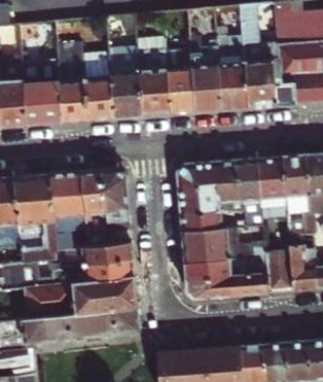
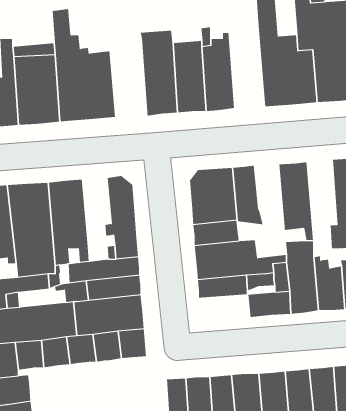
building: [214,34,246,108] -> none
building: [107,45,140,116] -> none
building: [284,154,311,242] -> none
building: [237,159,264,225] -> none
building: [82,171,108,233] -> none
building: [186,276,232,299] -> none

